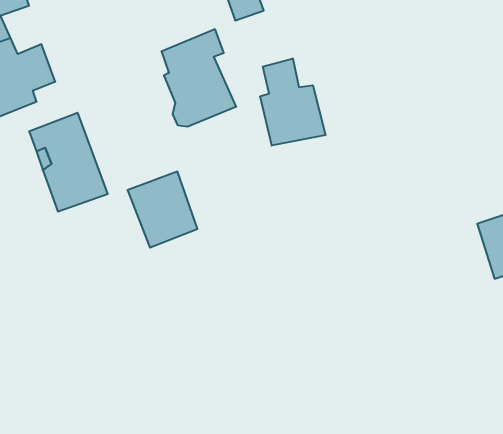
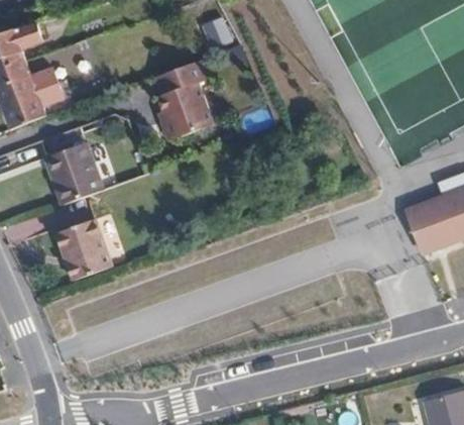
building: [260,58,326,146] -> none
building: [127,172,197,248] -> [57,217,114,279]

